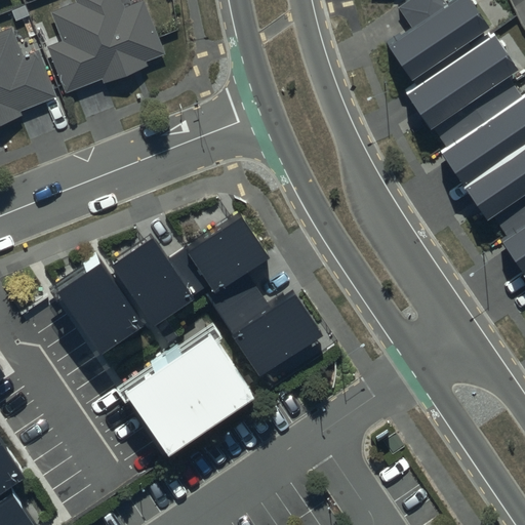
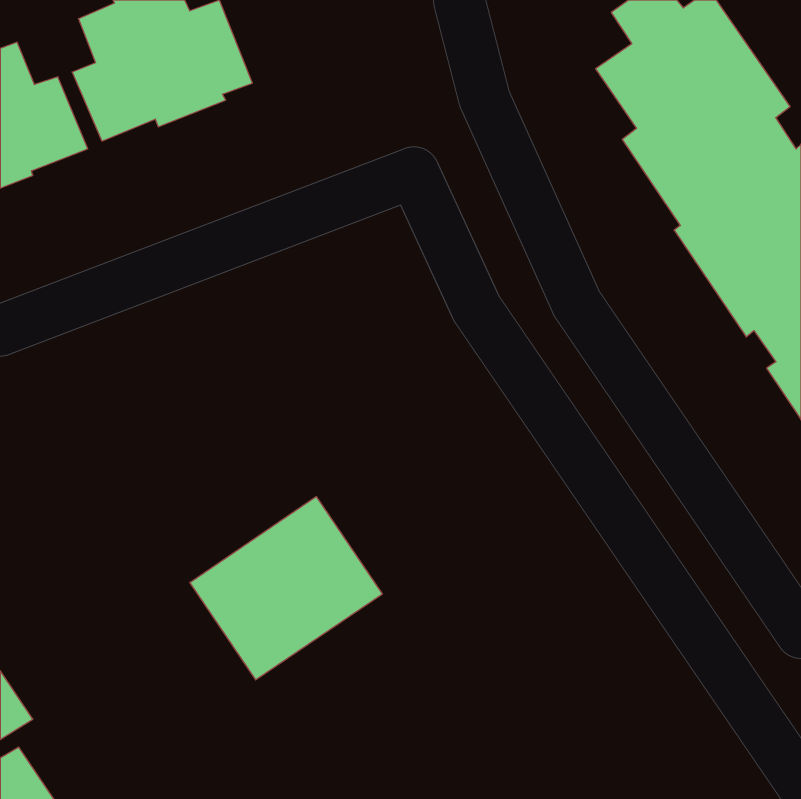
building: [111,213,319,376] -> none
building: [55,255,144,354] -> none

